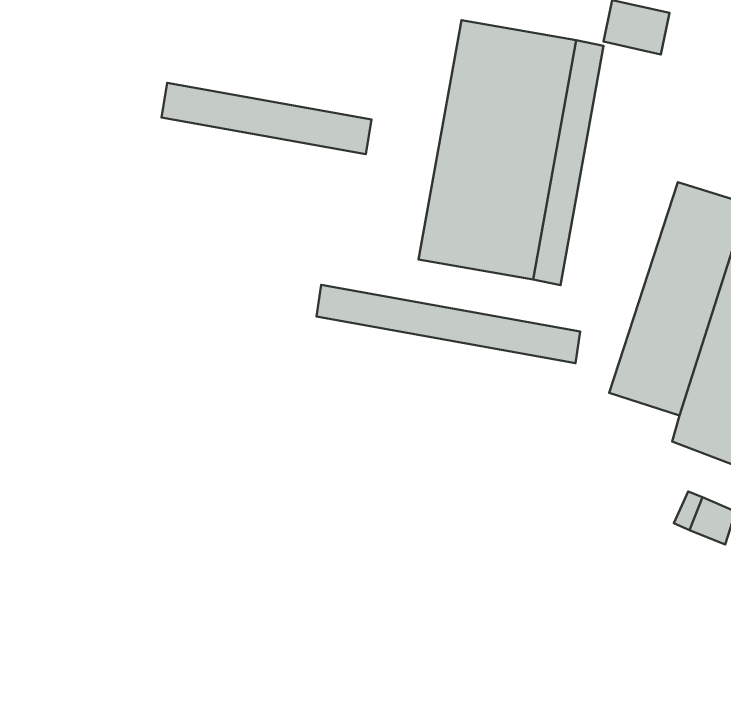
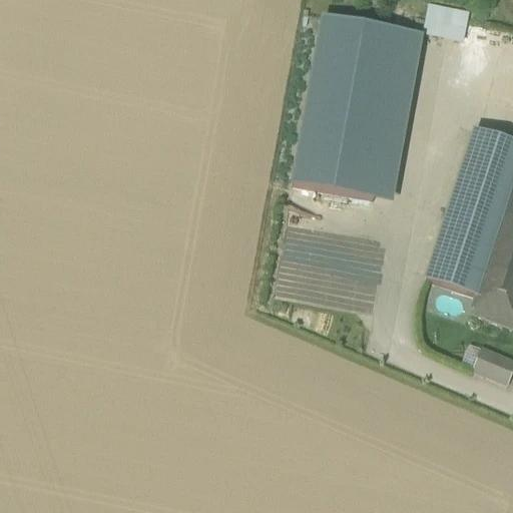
building: [162,83,371,154] -> none
building: [316,285,580,363] -> none

